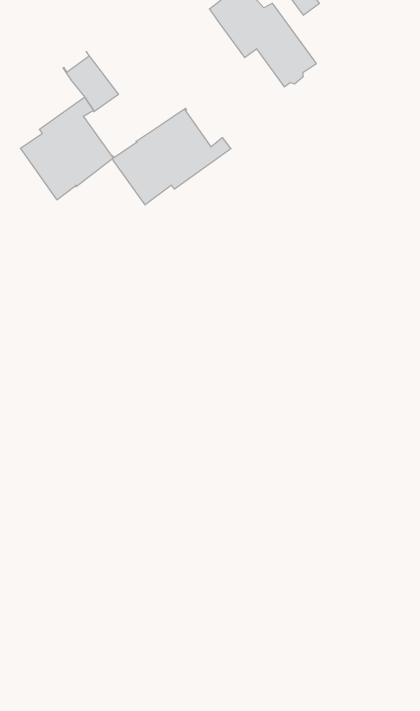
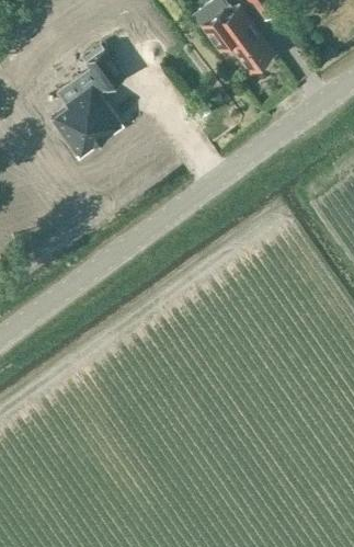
building: [112,108,231,205] -> none

